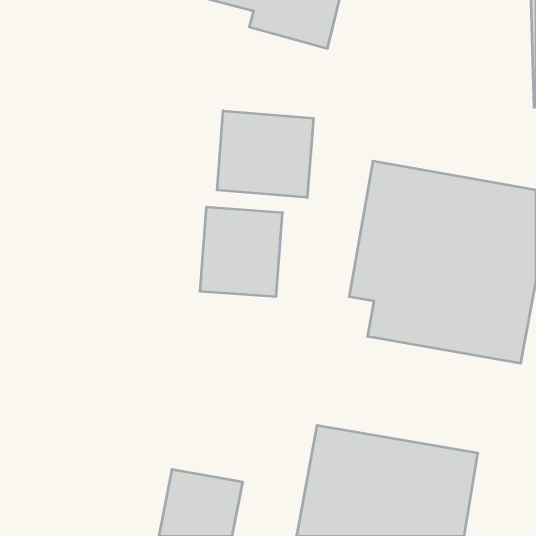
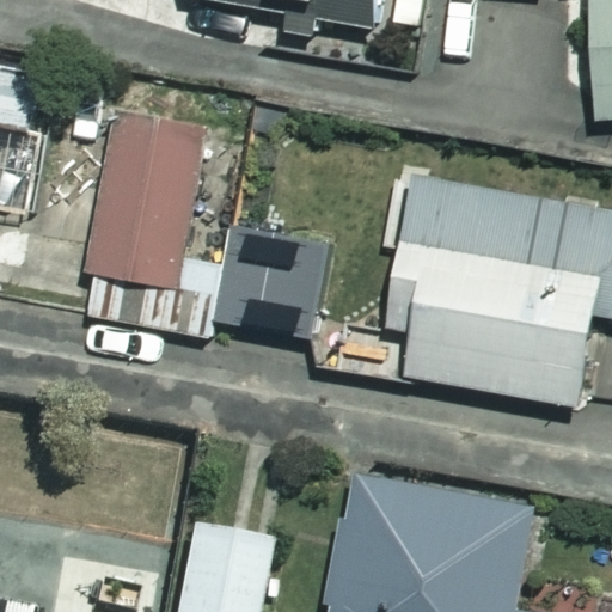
building: none -> [78,115,218,338]
building: [217,111,313,198] -> none

